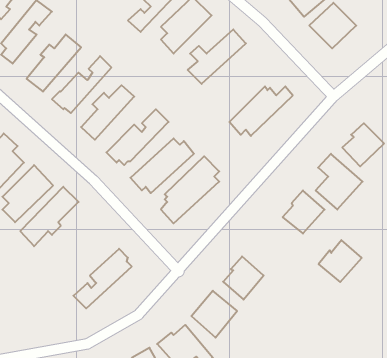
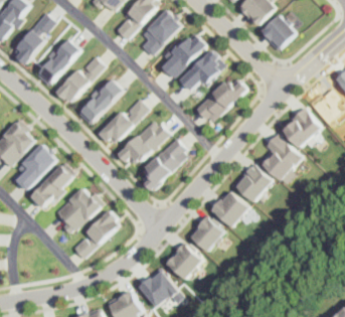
building: none -> [182,46,224,90]
building: none -> [54,188,103,233]
building: [319,240,362,282] -> [212,193,246,226]

